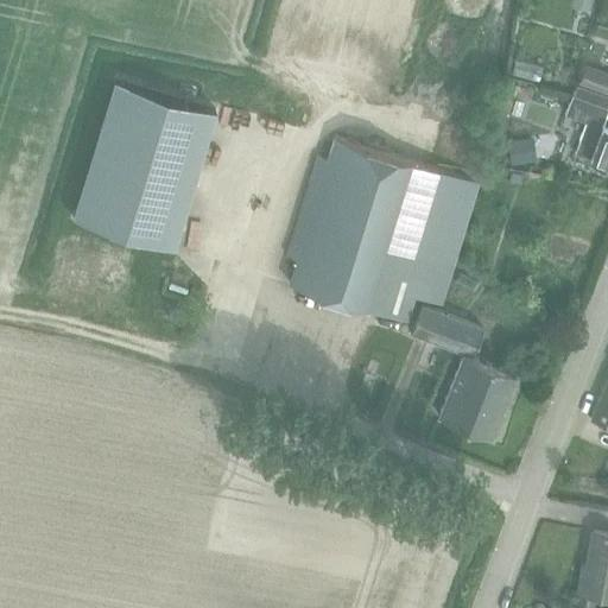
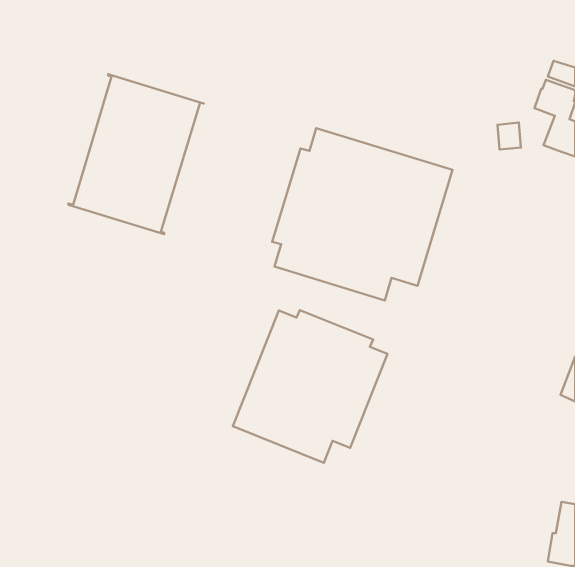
building: [408,310,517,443] -> none
building: none -> [233,310,387,463]

